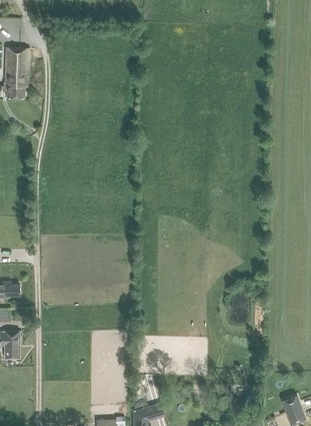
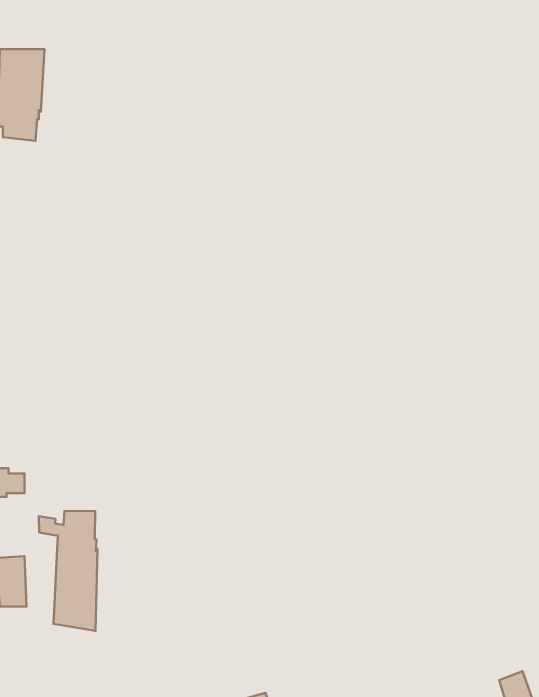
building: none -> [39,511,98,631]

